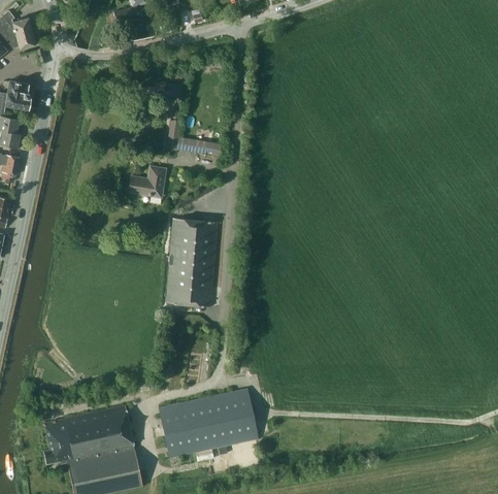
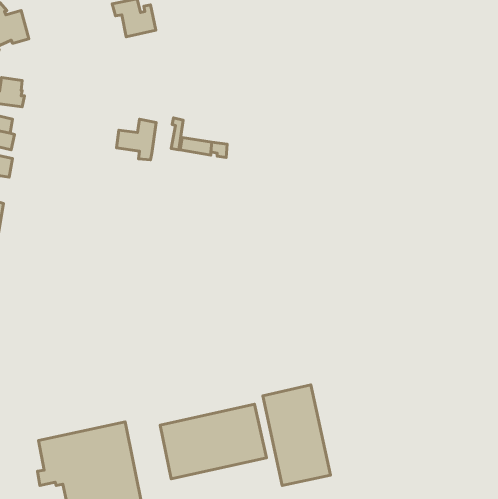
building: [128,166,165,204] -> [117,119,156,160]
building: [165,219,215,306] -> none
building: none -> [263,385,330,485]

